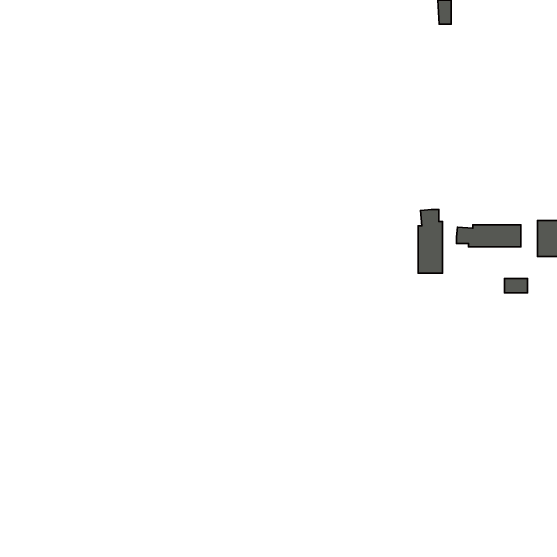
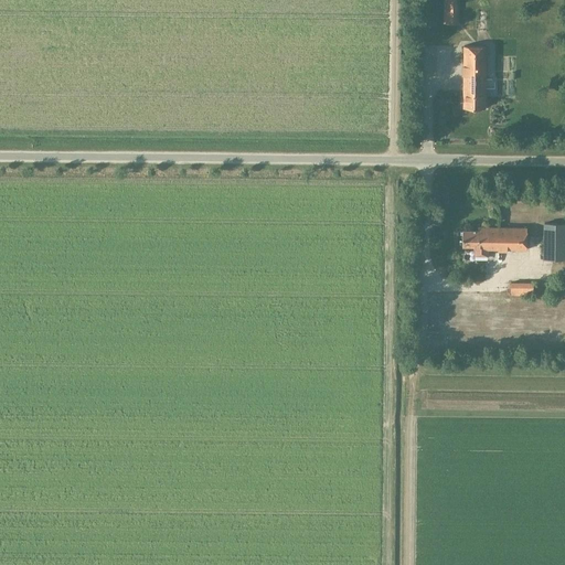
building: none -> [463,47,487,109]
building: [418,209,443,273] -> none

